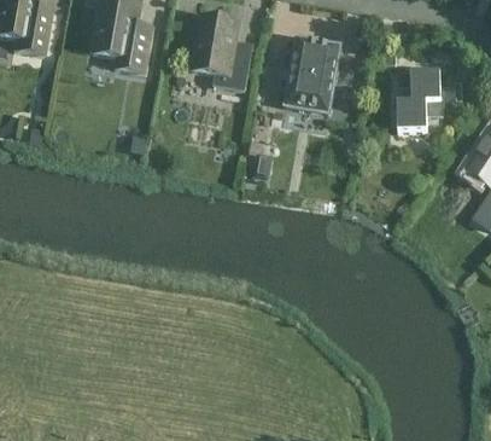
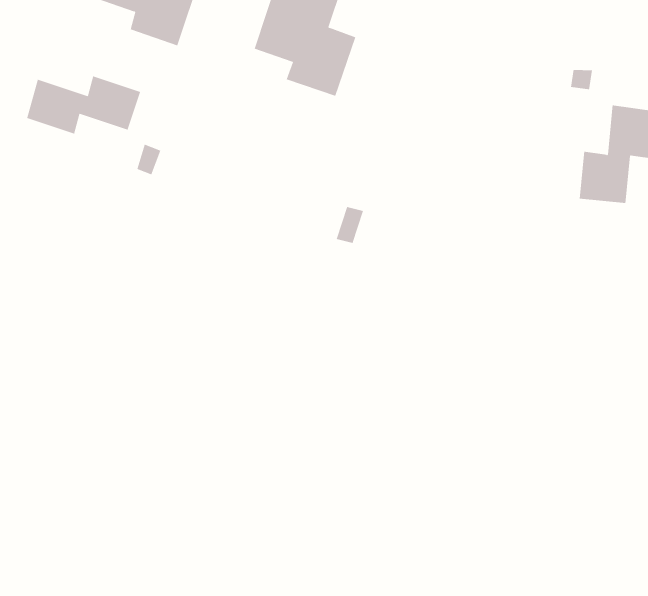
building: [285,37,340,109] -> none
building: none -> [26,76,141,134]

